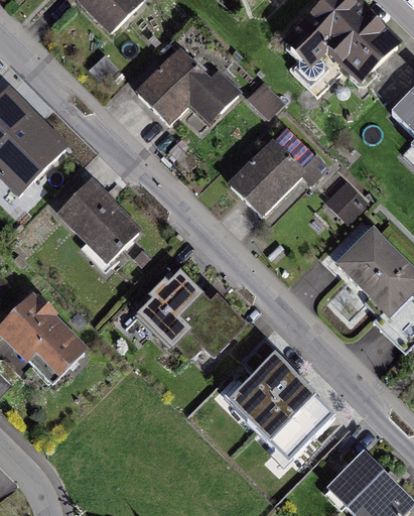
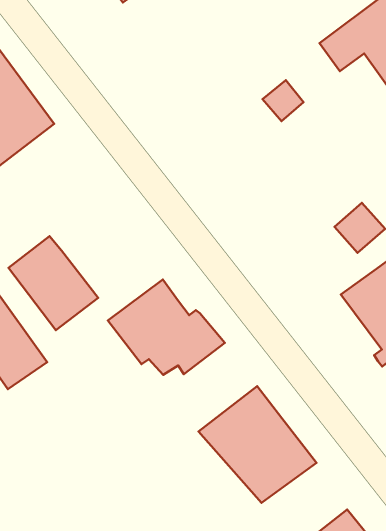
building: [135,49,237,125] -> none
building: [227,120,324,214] -> none
building: [61,181,143,263] -> [9,236,98,330]

